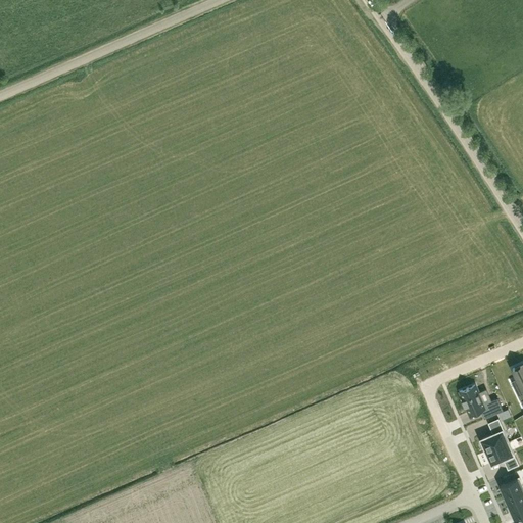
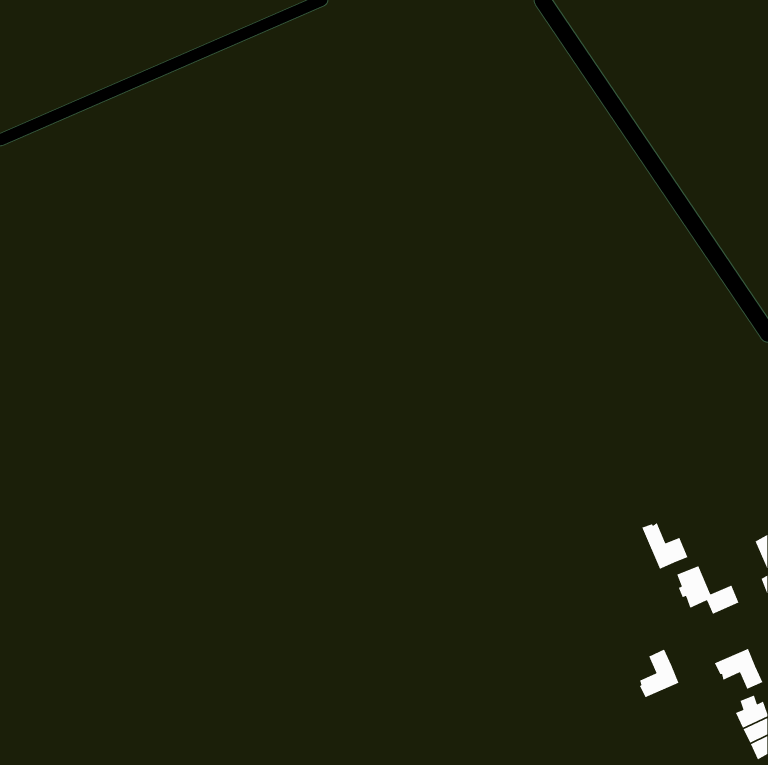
building: none -> [641,522,688,570]
building: [481,419,509,453] -> [639,649,680,698]

